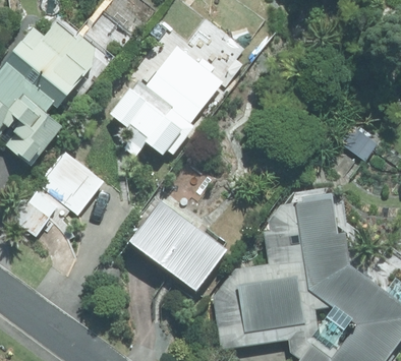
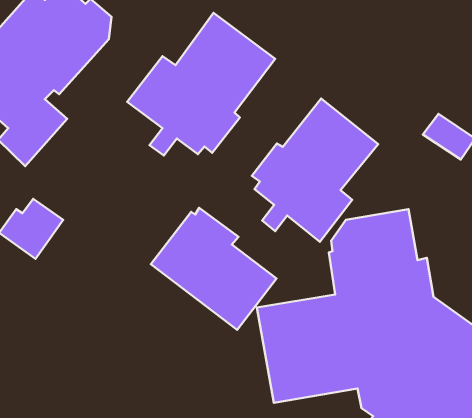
building: none -> [252,99,378,242]
building: [40,152,105,214] -> none

